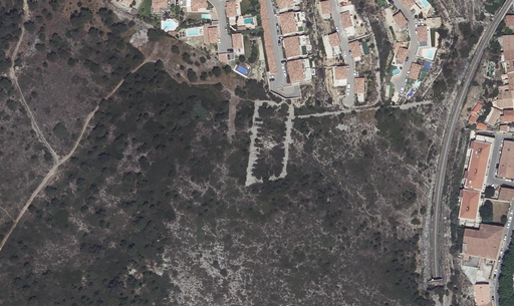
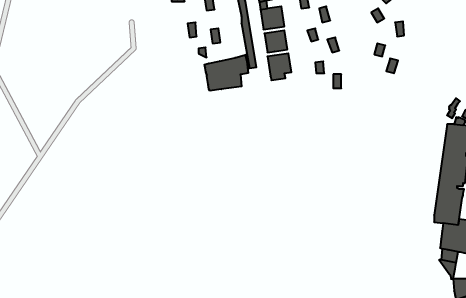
building: none -> [204,55,248,91]

